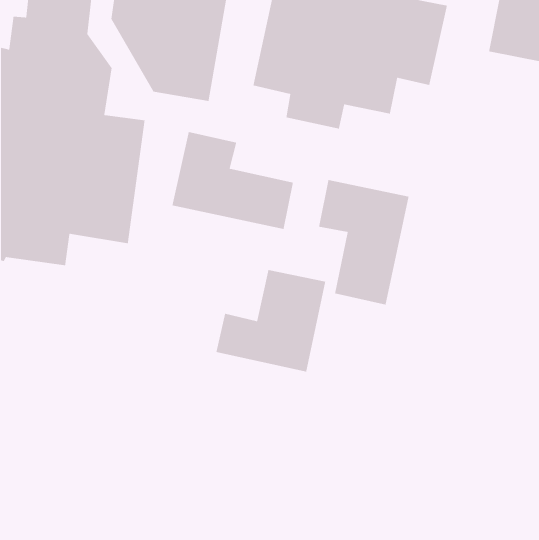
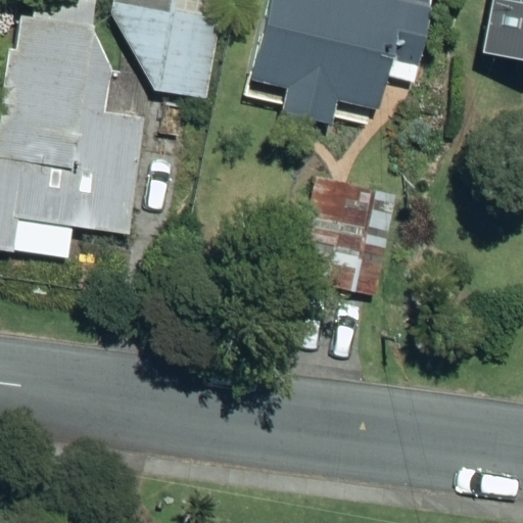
building: [172,131,294,230] -> none
building: [215,269,326,372] -> none

